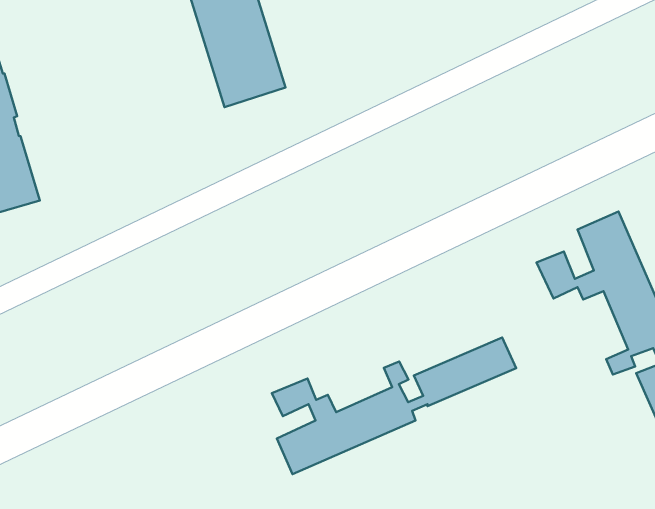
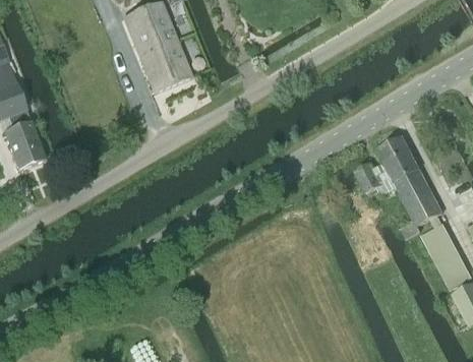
building: [272,337,516,474] -> none

